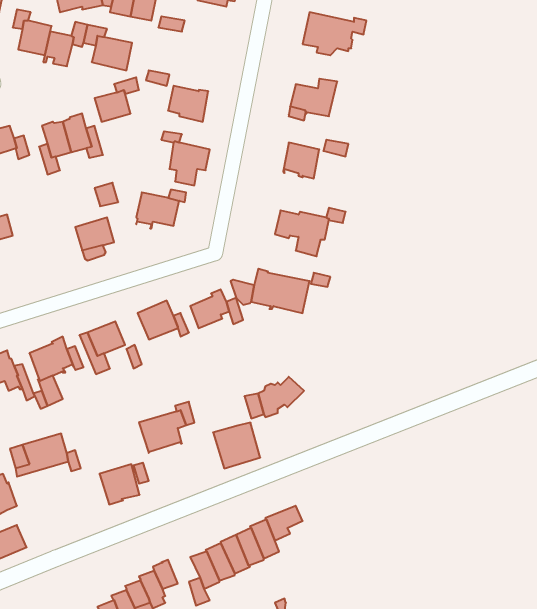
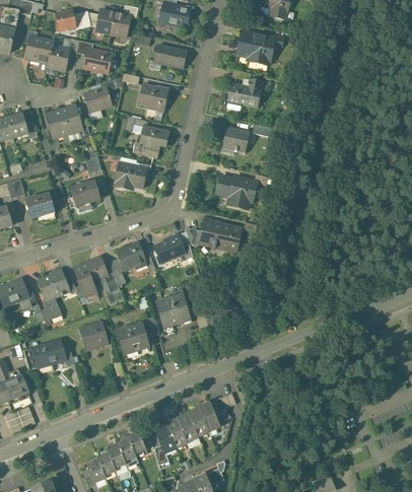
building: none -> [153,45,187,67]
building: none -> [25,193,54,217]
building: [213,423,260,468] -> [155,294,190,328]
building: [99,464,140,504] -> [78,321,108,350]

